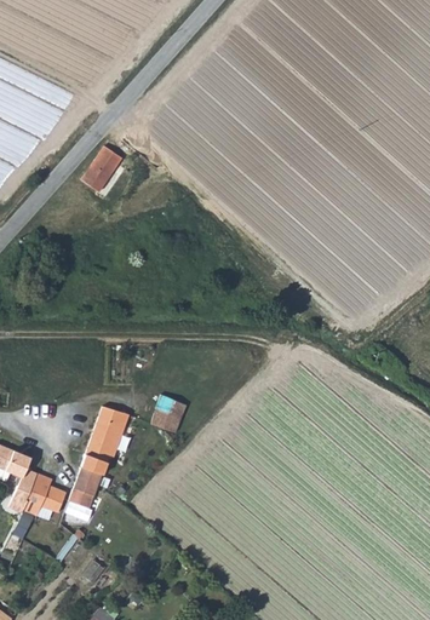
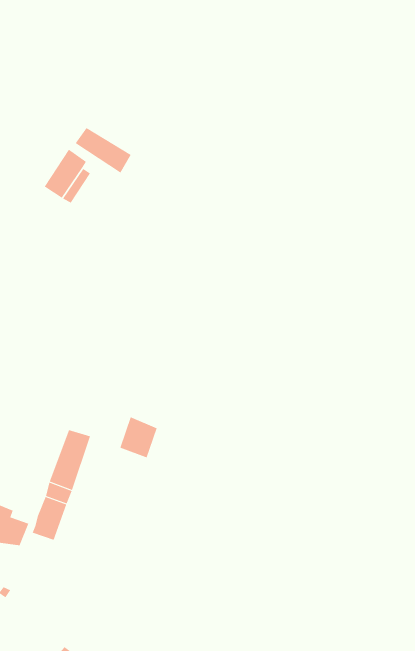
building: none -> [75,127,132,174]

